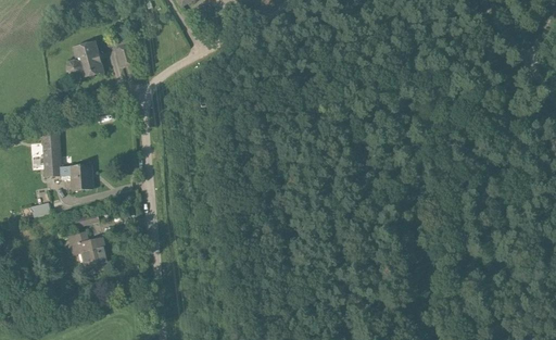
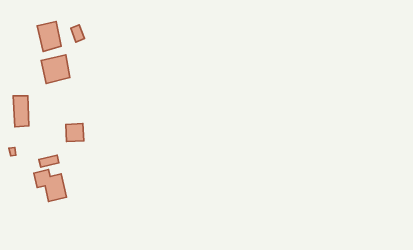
building: none -> [41,55,70,84]
building: [70,164,92,187] -> [66,124,84,142]

